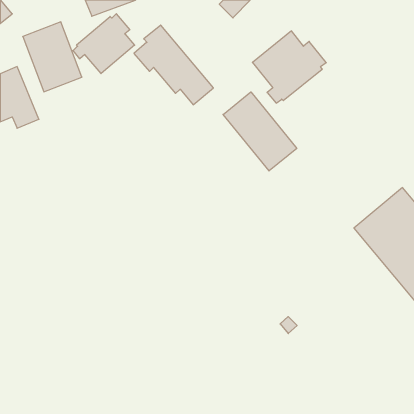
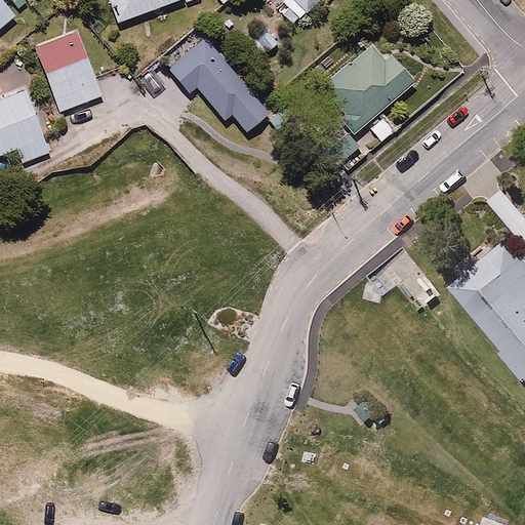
building: [73,14,135,74] -> none
building: [223,92,297,171] -> none

